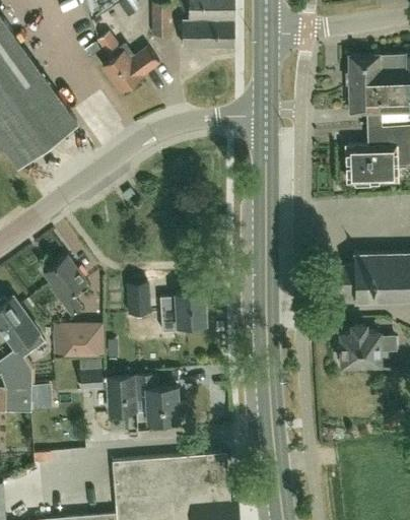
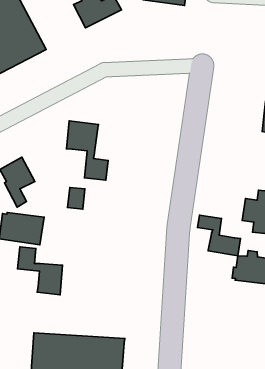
building: none -> [66,121,108,180]
building: [160,291,205,332] -> none
building: none -> [197,215,240,256]
building: [134,375,178,422] -> none

